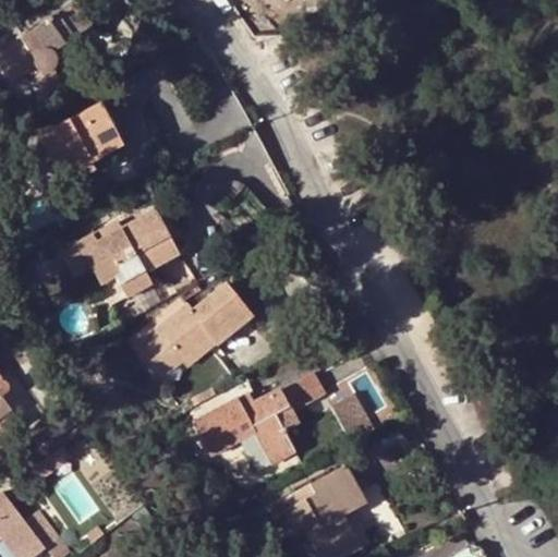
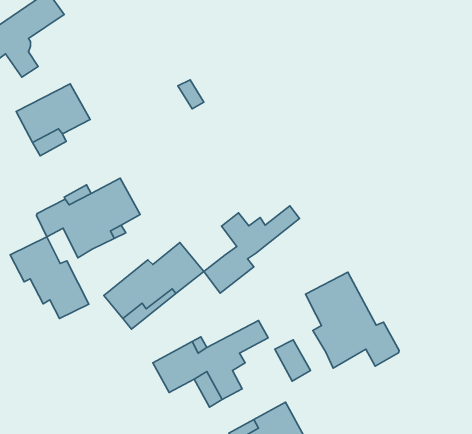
building: none -> [204,206,299,293]
building: none -> [10,237,89,319]
building: none -> [305,272,399,368]

